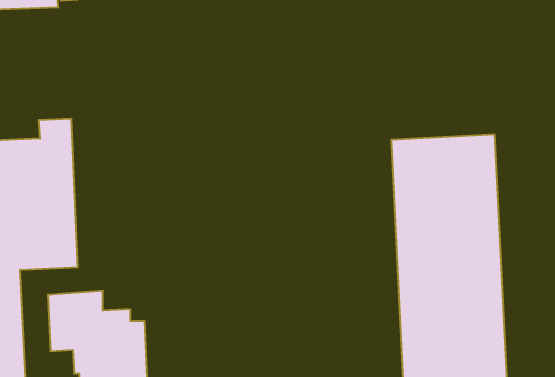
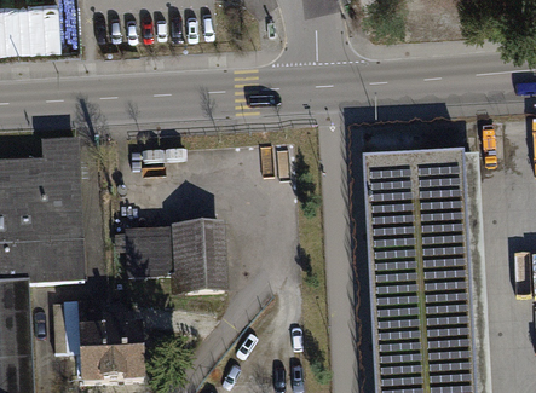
building: none -> [120,224,227,299]

